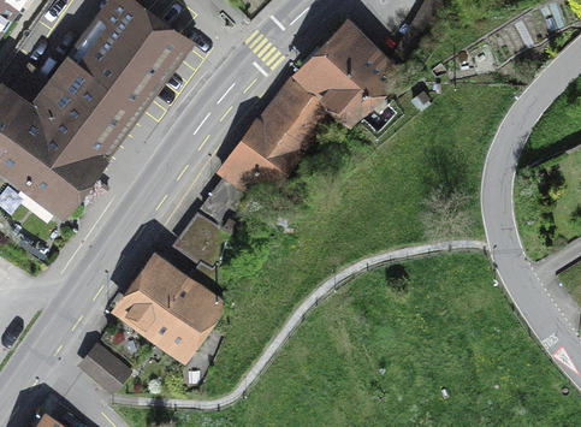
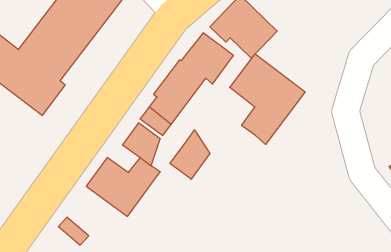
building: none -> [230,54,305,144]
building: none -> [170,130,210,179]

